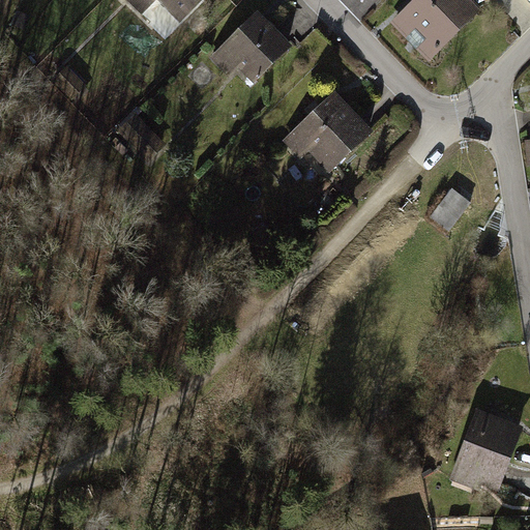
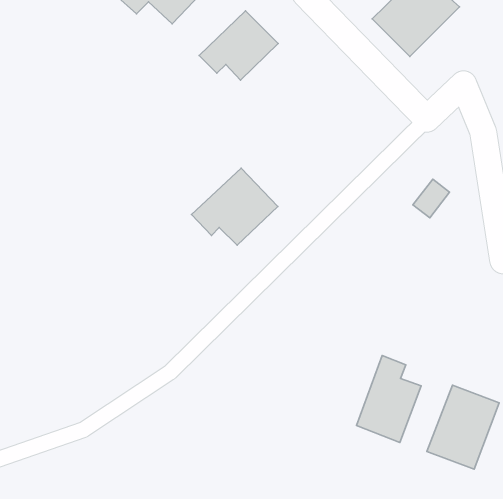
building: [282,92,372,173] -> [192,168,278,245]
building: none -> [357,356,421,443]

